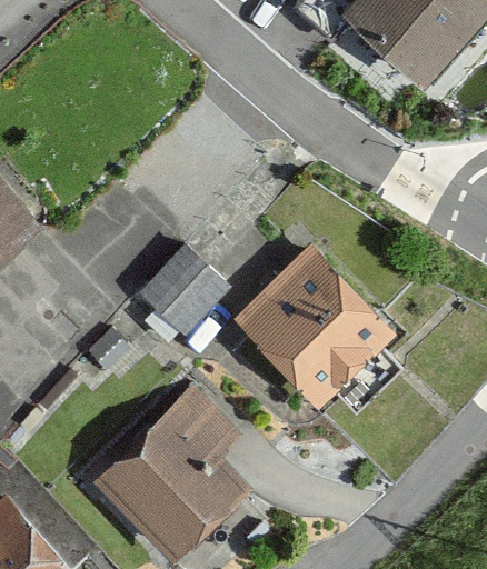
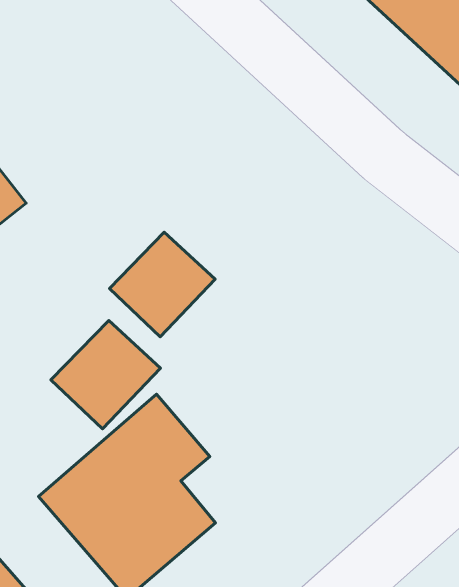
building: [238,249,398,409] -> none
building: none -> [51,320,160,429]

